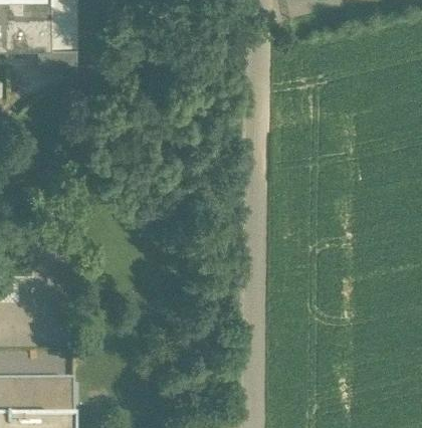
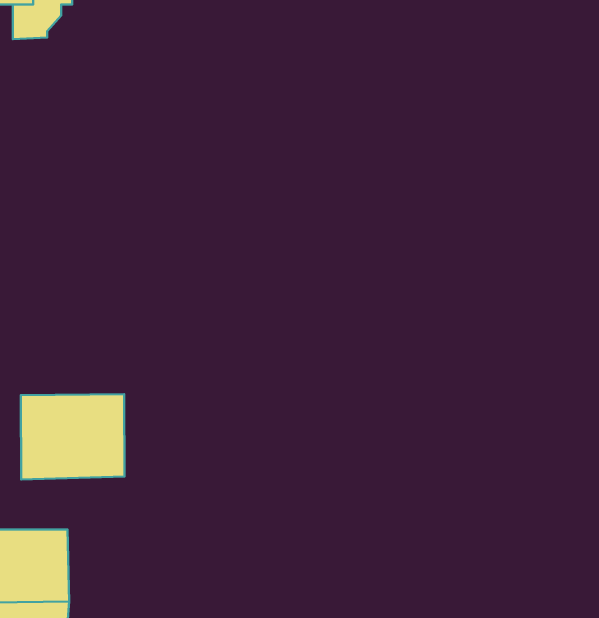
building: none -> [21,394,125,480]

